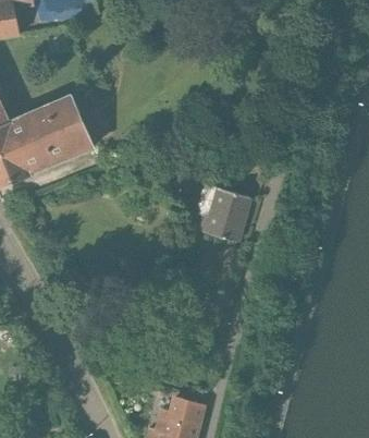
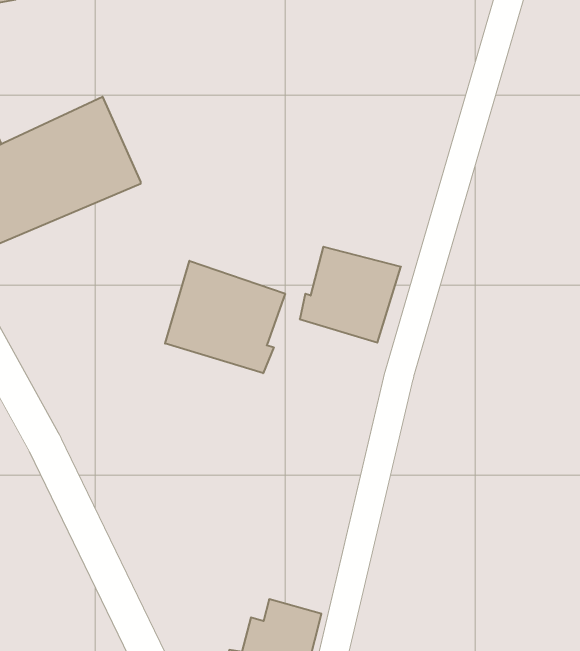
building: none -> [165,261,285,373]

